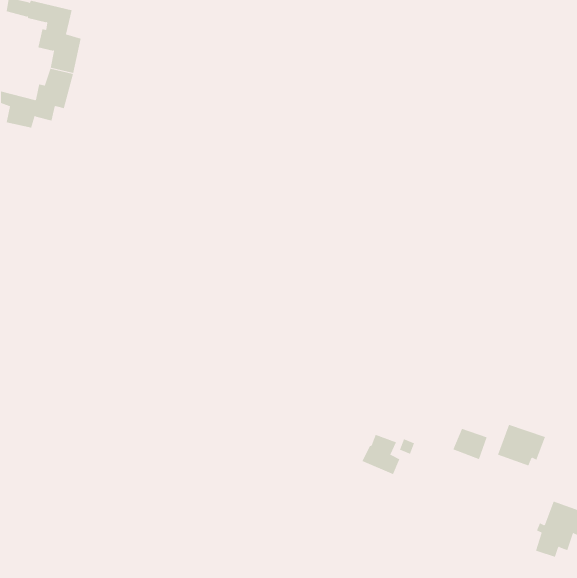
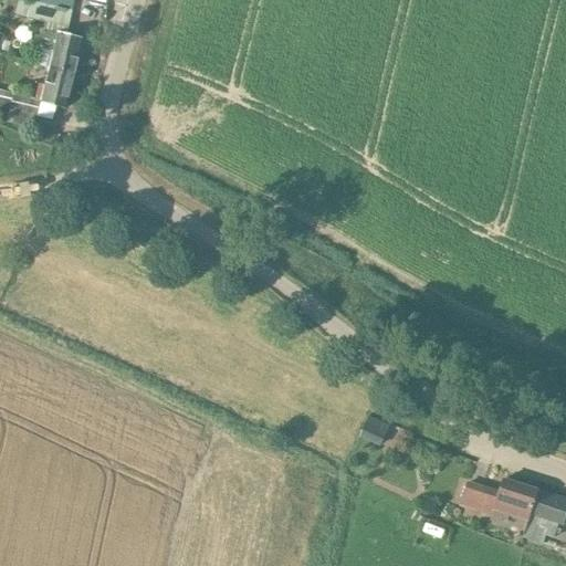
building: [497,424,546,466] -> [494,476,542,517]
building: [452,428,488,460] -> [461,480,495,511]

